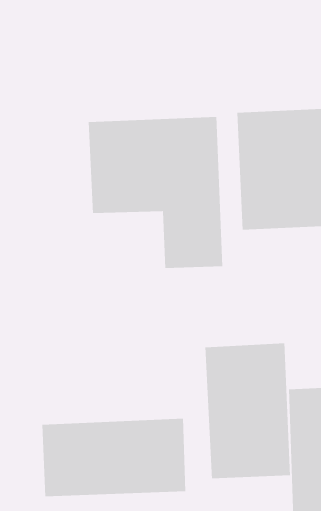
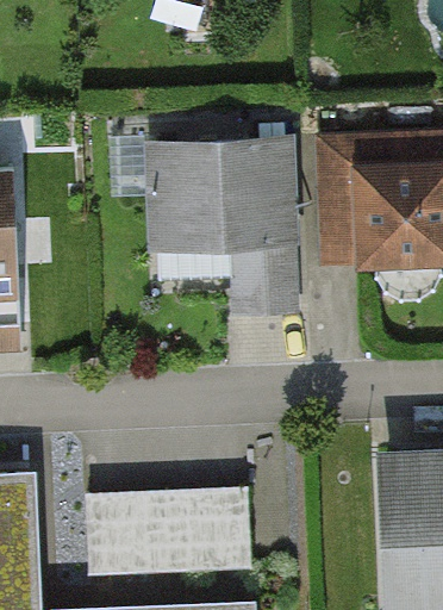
building: [205,343,291,479] -> none

